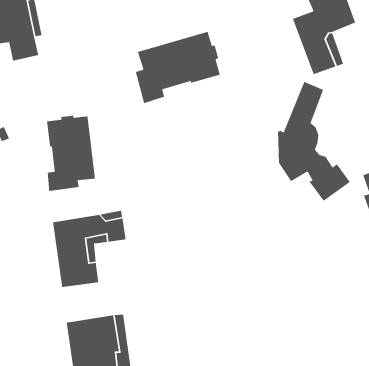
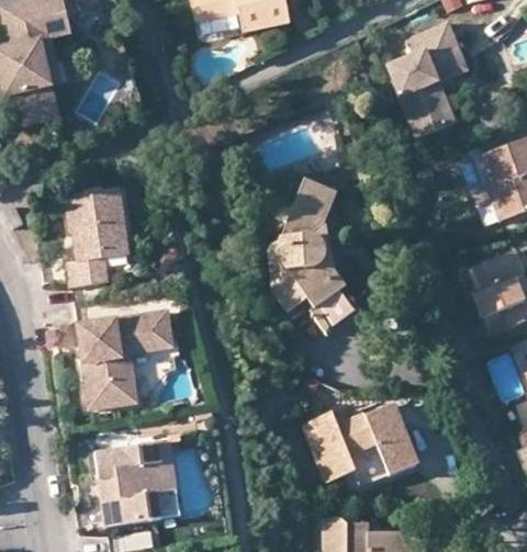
building: [135,31,221,104] -> none
building: [277,81,351,202] -> [270,178,365,333]
building: none -> [292,404,405,487]

